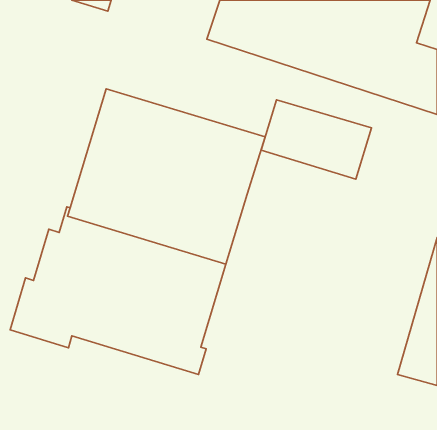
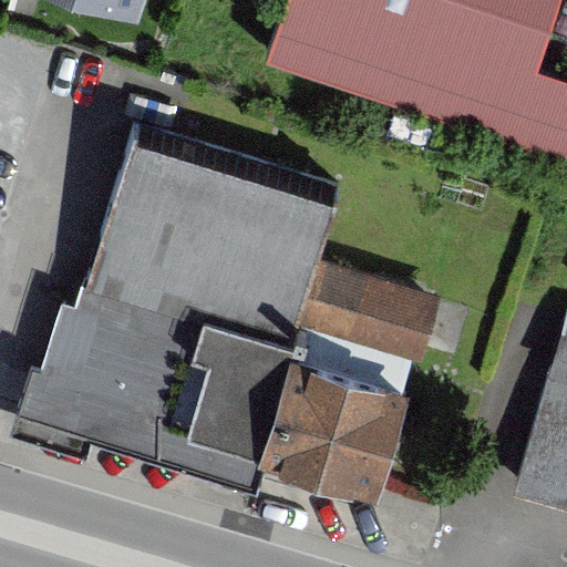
building: [261,100,371,179] -> [300,260,443,363]
building: none -> [260,351,412,494]

